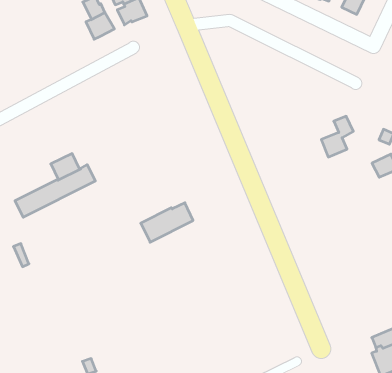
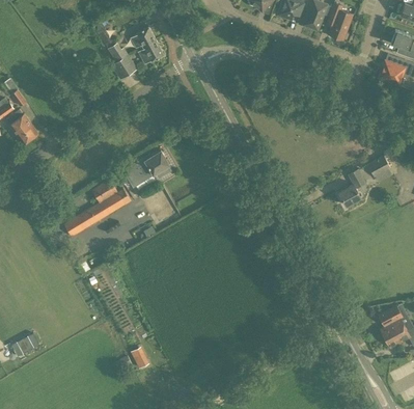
building: [321,116,353,157] -> [337,170,364,207]
building: [141,203,193,242] -> [123,151,168,187]

